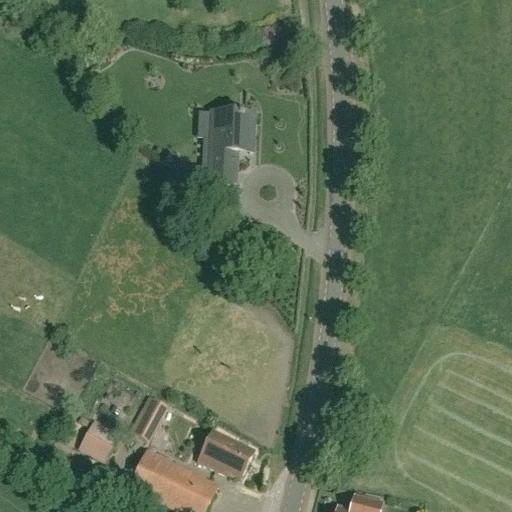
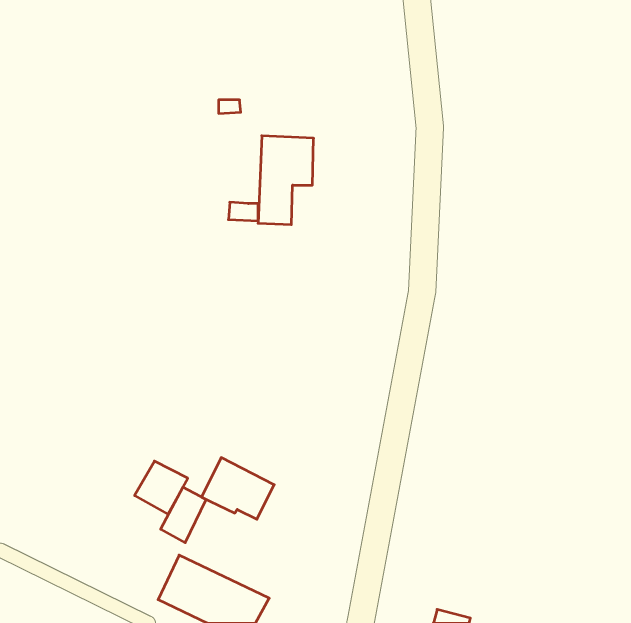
building: [78,419,121,462] -> [135,461,188,514]
building: [196,428,255,478] -> [201,458,274,519]

